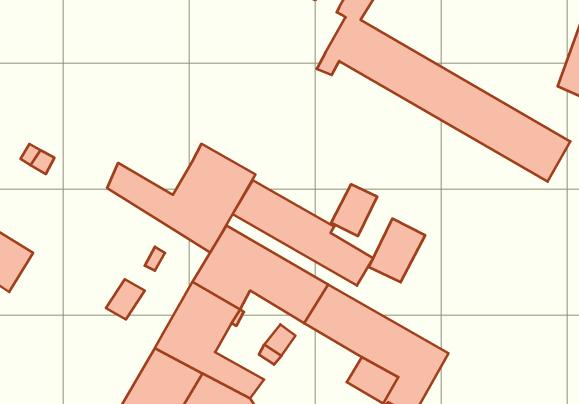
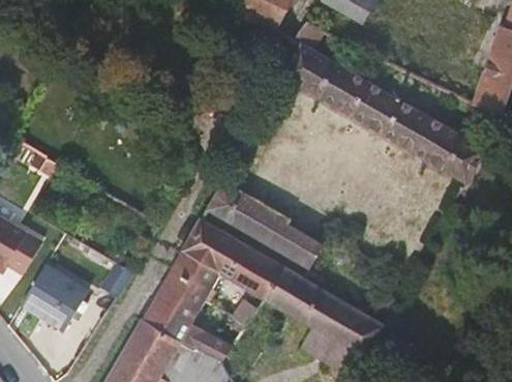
building: [107,144,255,252] -> none
building: [331,184,377,236] -> none
building: [369,219,425,282] -> none
building: none -> [22,265,88,329]

